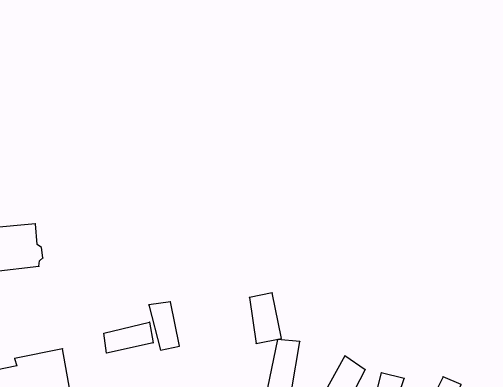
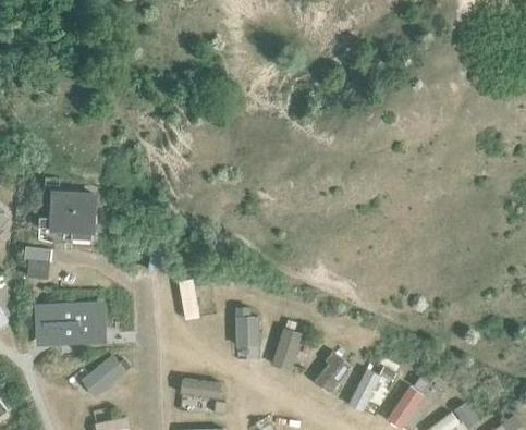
building: [249,293,281,343] -> [235,305,257,345]
building: [104,322,153,353] -> none

